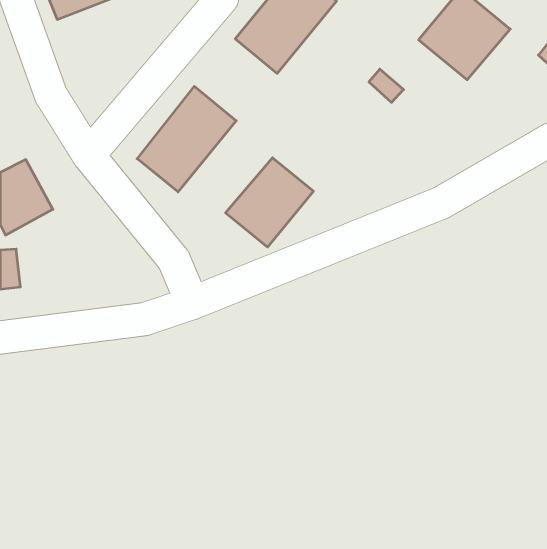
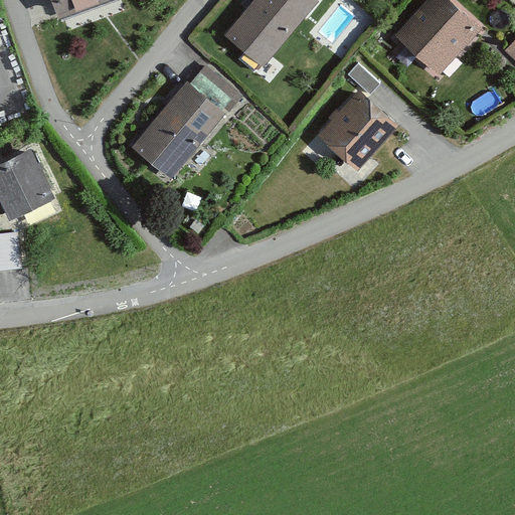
building: none -> [192,66,243,113]
building: none -> [319,91,397,170]
building: [226,158,313,247] -> none

